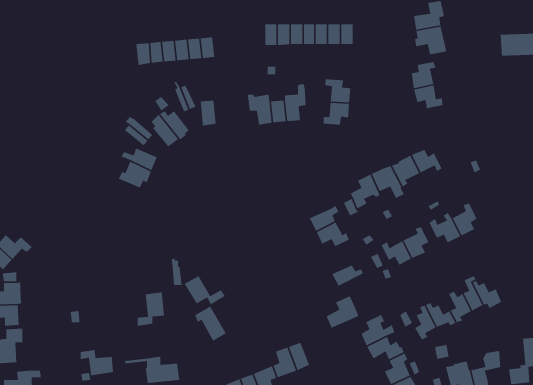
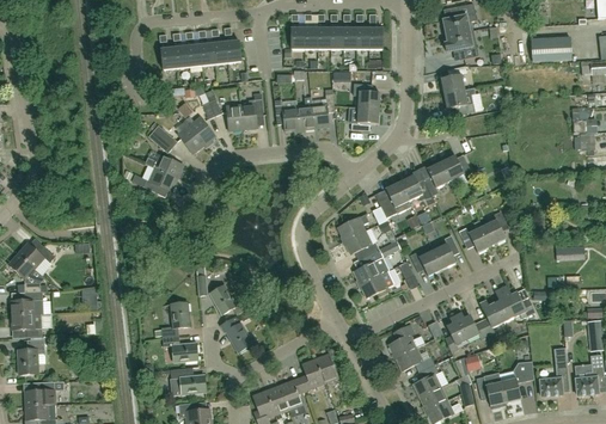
building: none -> [240,93,263,130]
building: [325,295,359,329] -> [354,248,388,283]
building: [80,349,114,376] -> [163,334,197,362]

